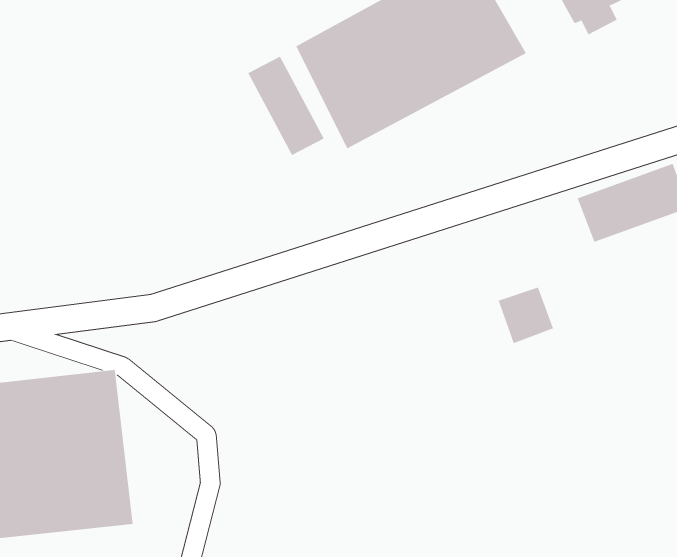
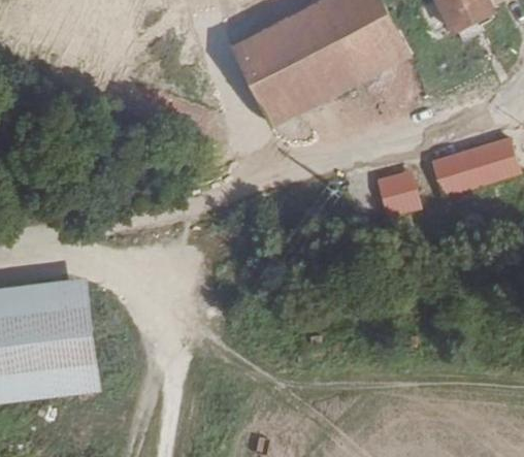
building: [247,56,324,156] -> none
building: [498,287,554,344] -> [387,174,428,217]

